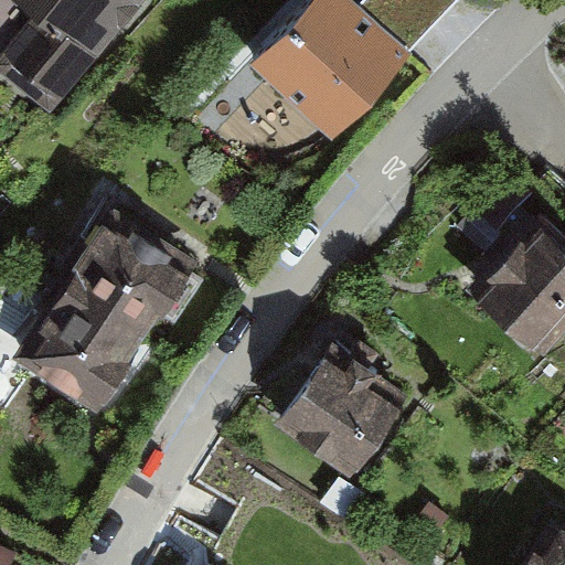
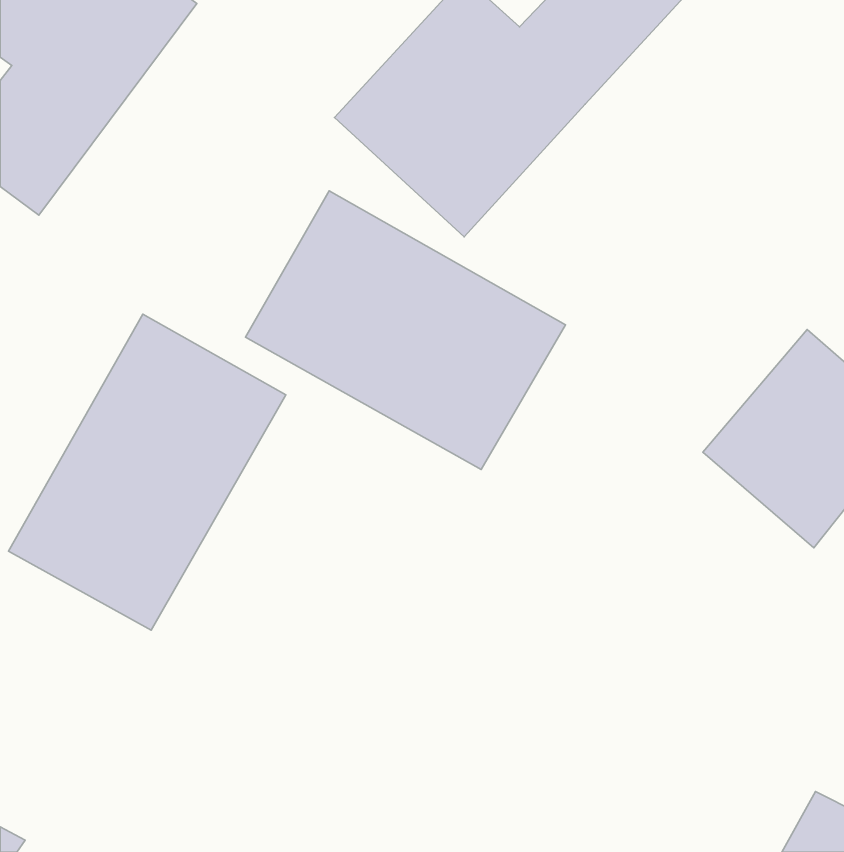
building: none -> [246,191,565,470]
building: [279,343,408,473] -> none

